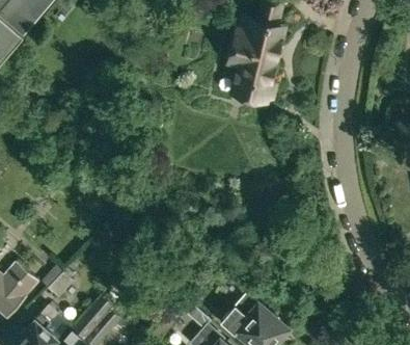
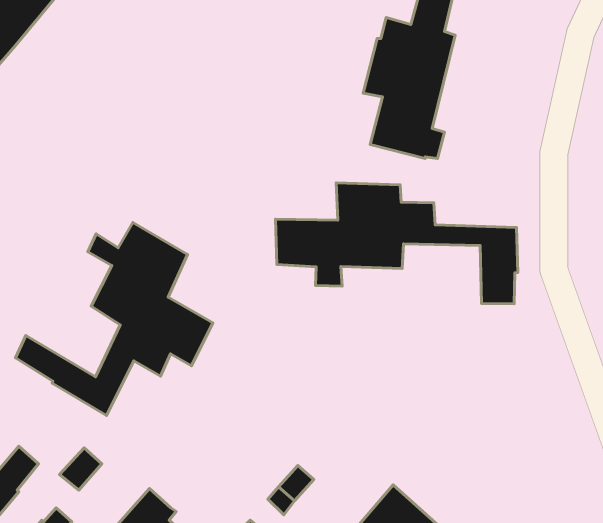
building: none -> [275,183,518,304]
building: none -> [16,222,213,415]

